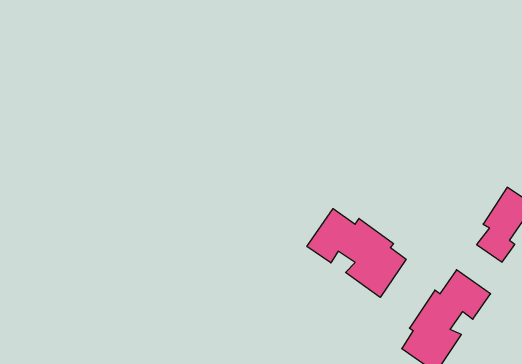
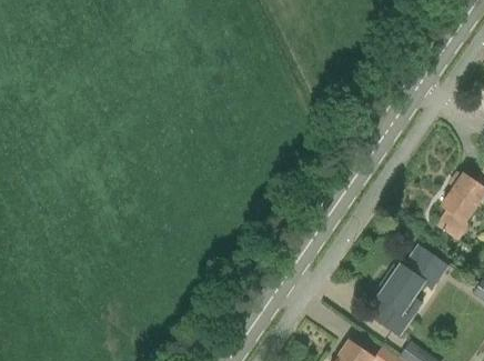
building: [307,209,406,297] -> none

